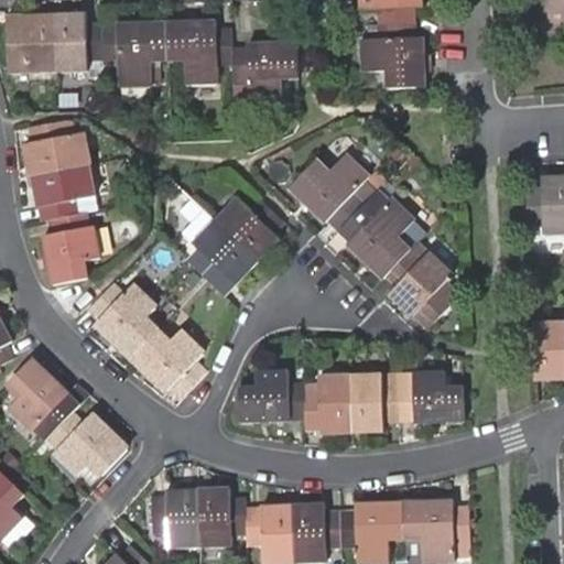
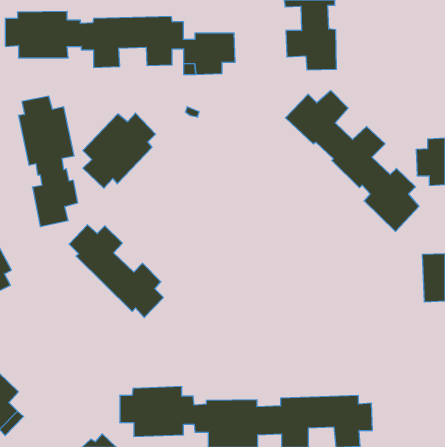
building: [288,153,456,330] -> [285,91,419,231]
building: [191,196,282,291] -> [83,113,156,188]
building: [9,361,127,485] -> none
building: [238,370,465,433] -> none

